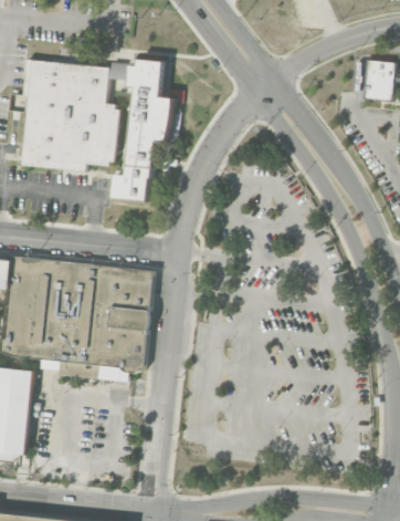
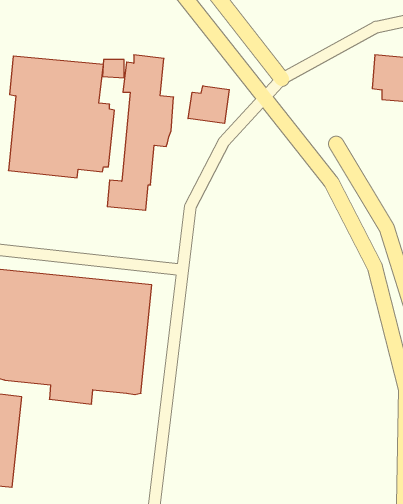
building: none -> [188,86,229,123]

